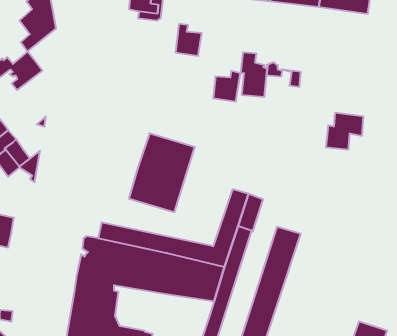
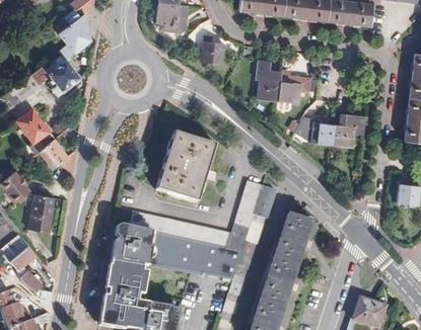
building: [213,71,240,102] -> [277,76,301,103]
building: none -> [294,116,334,145]

